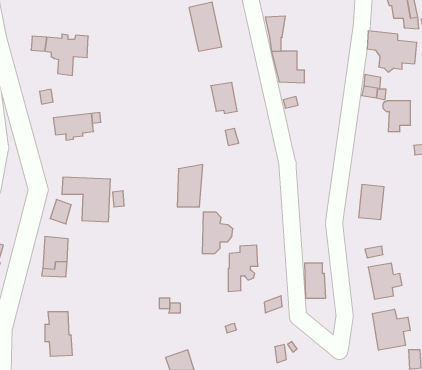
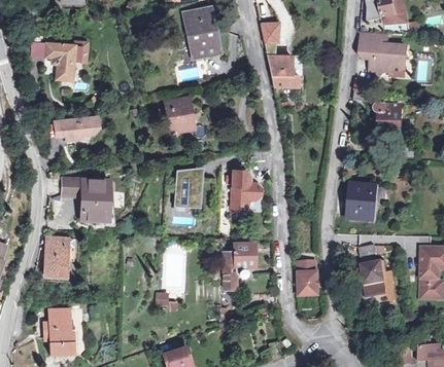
building: [211,83,237,113] -> [166,99,192,129]
building: [202,212,233,253] -> [231,170,261,210]
building: [373,309,410,350] -> none

